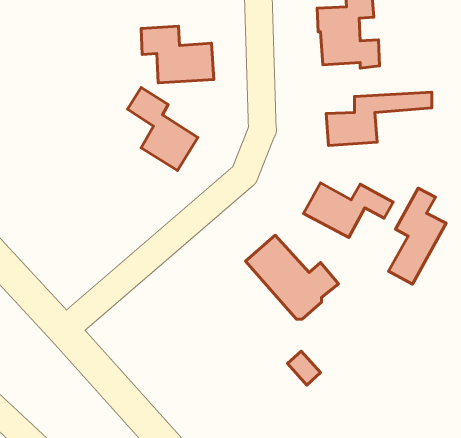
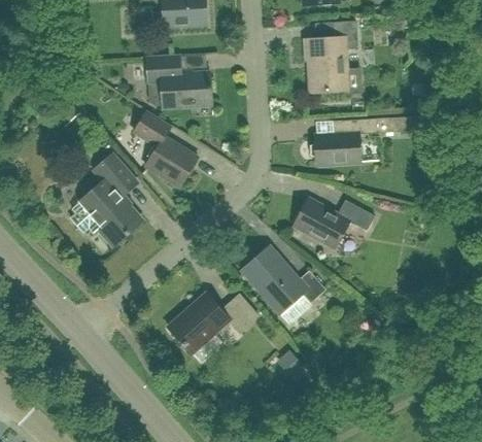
building: none -> [69,154,141,245]
building: [389,188,446,284] -> none
building: none -> [167,293,257,352]

